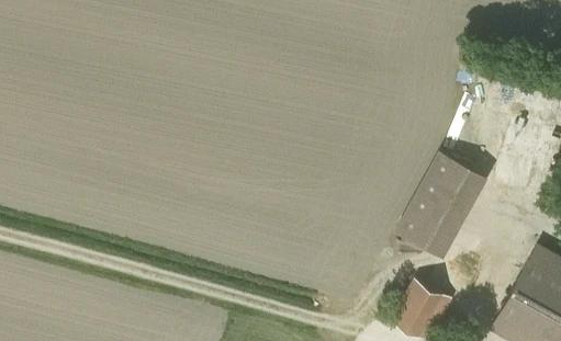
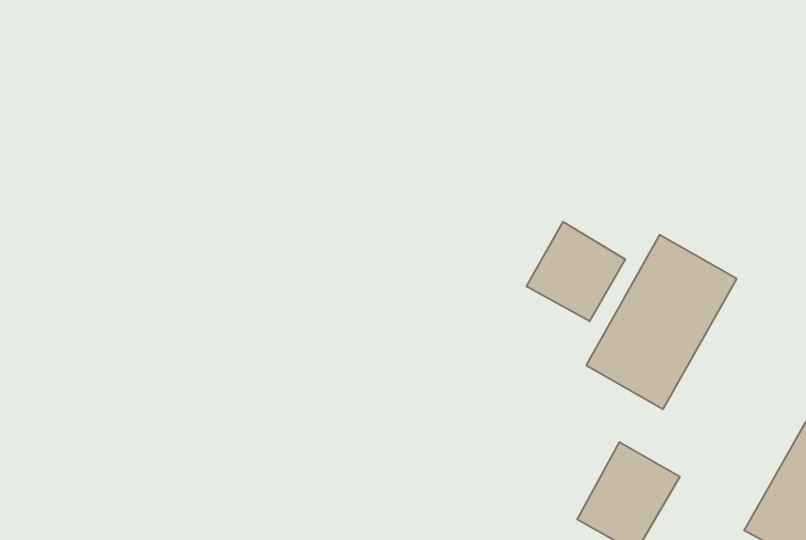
building: none -> [527,222,625,321]

